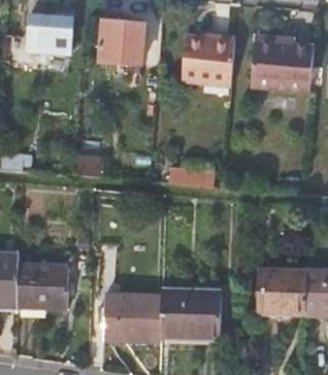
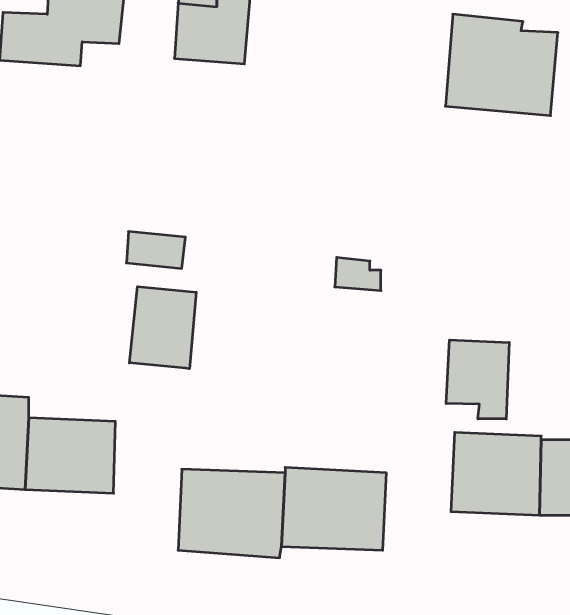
building: [184,37,236,87] -> none
building: none -> [129,287,196,369]
building: none -> [446,340,509,419]

